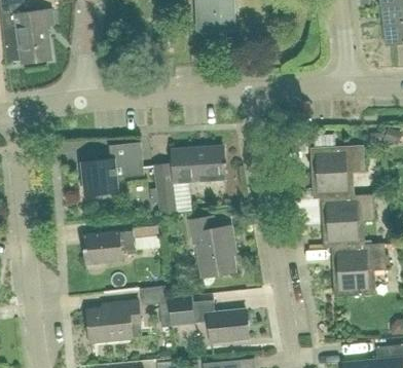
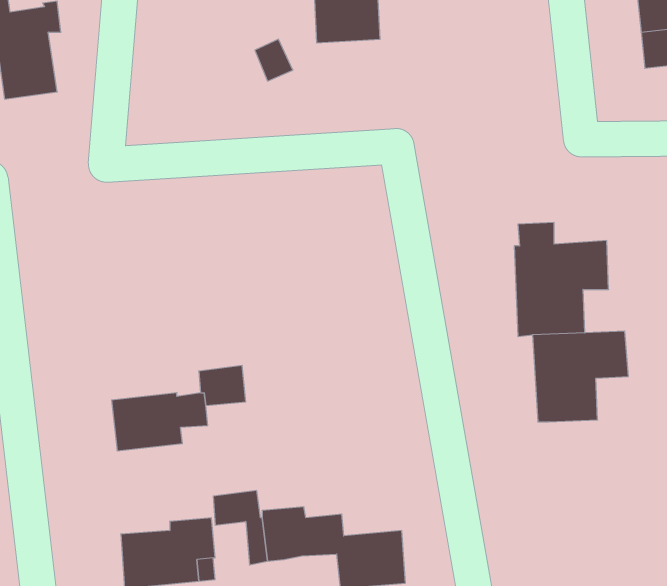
building: [82,141,143,194] -> none
building: [155,146,226,214] -> none
building: [191,216,234,277] -> none
building: [330,243,386,296] -> none

